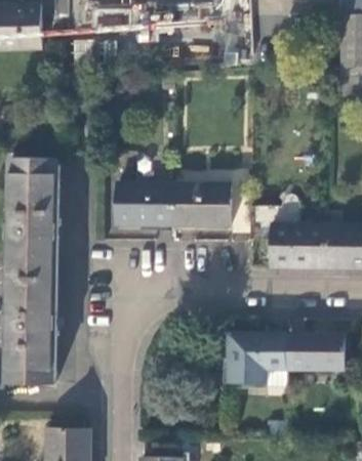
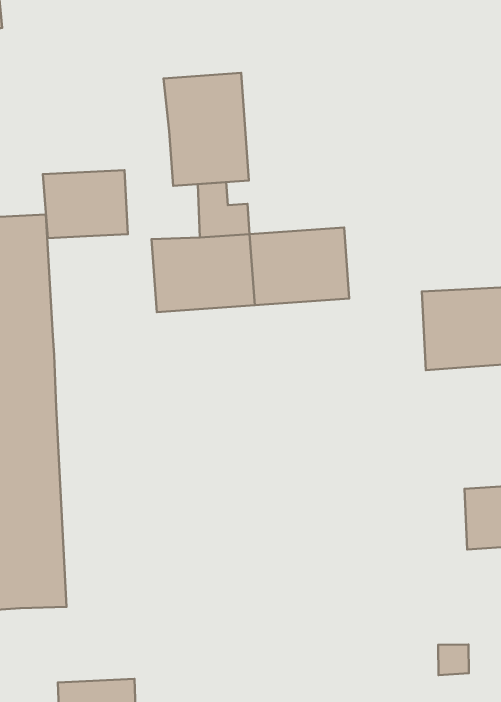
building: none -> [164,73,249,186]
building: none -> [43,170,128,238]
building: [228,334,287,384] -> none

